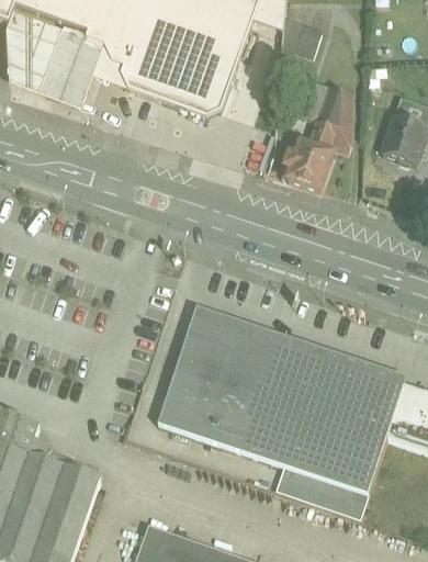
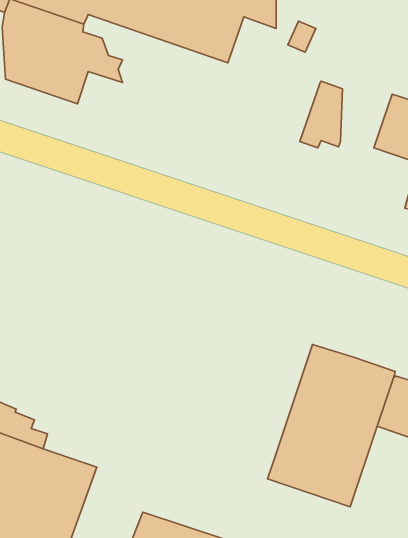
building: [86,15,234,111] -> none
building: [284,139,333,189] -> none
building: [158,311,320,467] -> none

